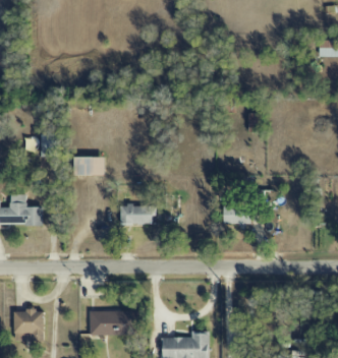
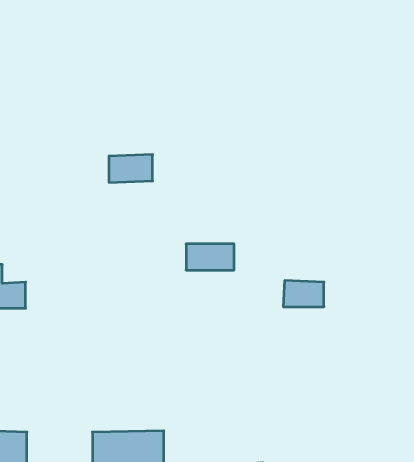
building: [74,157,105,176] -> [109,155,153,182]
building: [120,205,154,224] -> [186,244,234,270]

